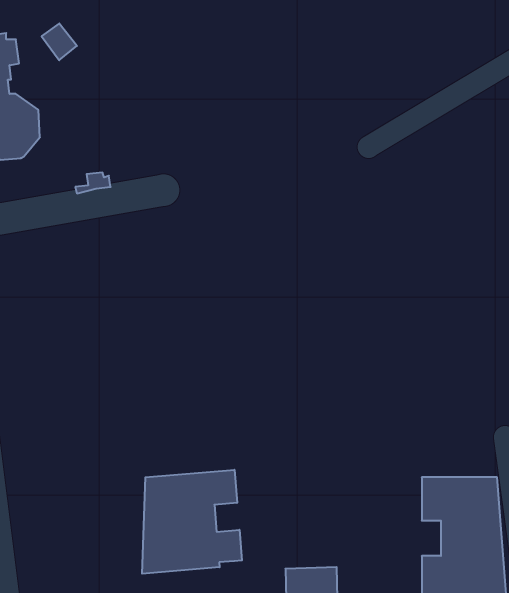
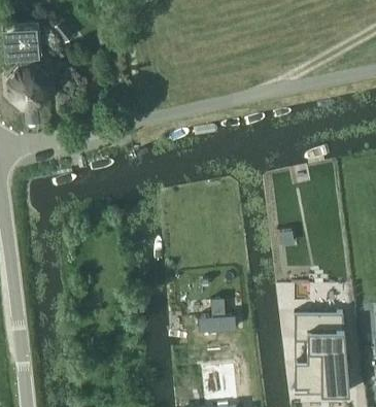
building: none -> [198,301,236,333]
building: [142,470,242,574] -> none

